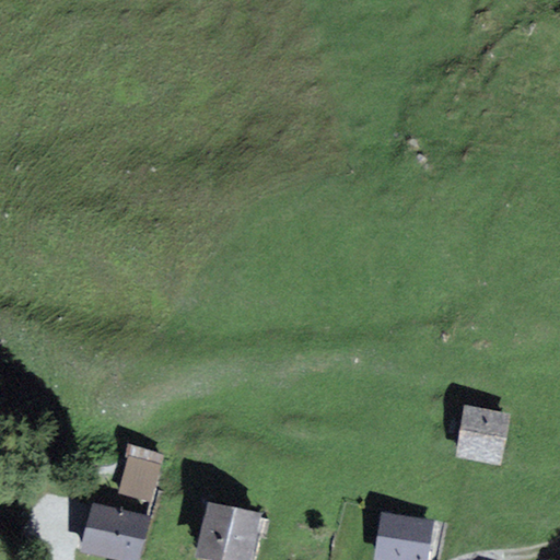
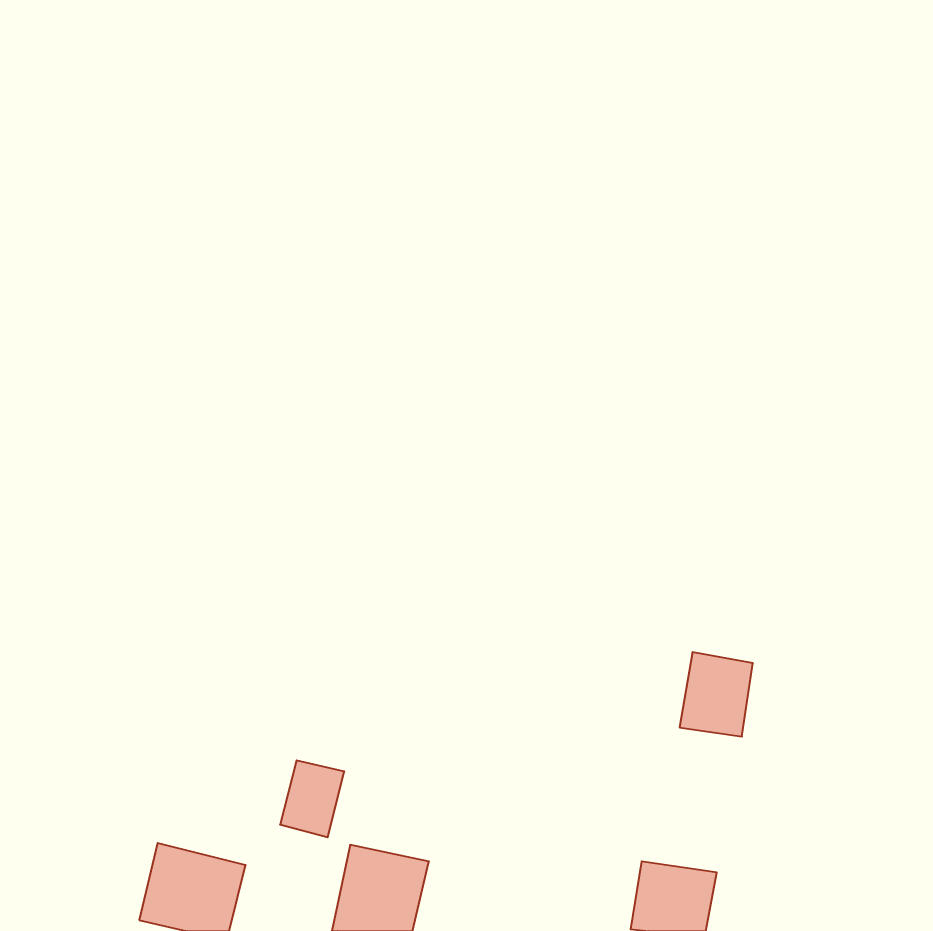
building: [460,408,504,458] -> [680,652,753,737]
building: [119,456,158,502] -> [280,760,344,837]

